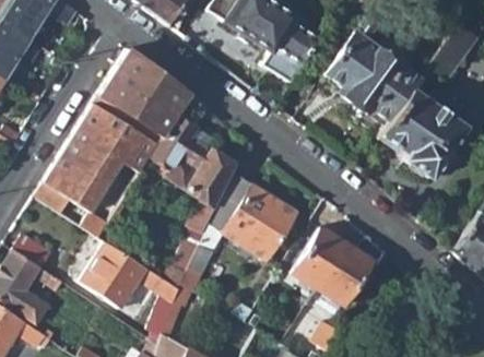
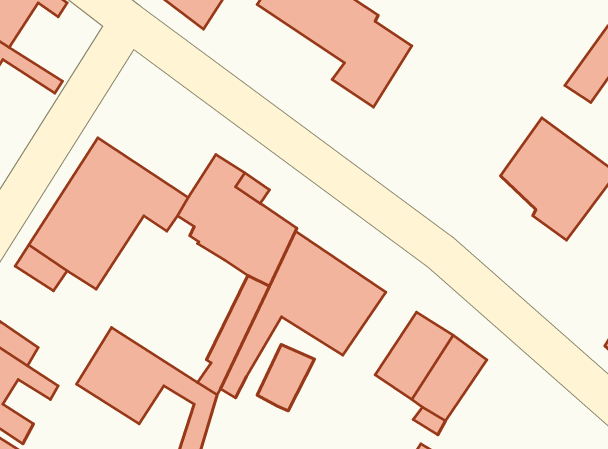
building: [324,15,420,124] -> none
building: [94,49,191,146] -> none
building: none -> [257,345,314,411]

